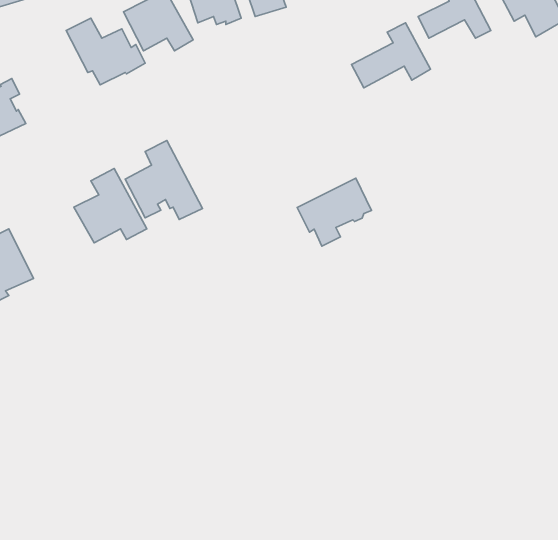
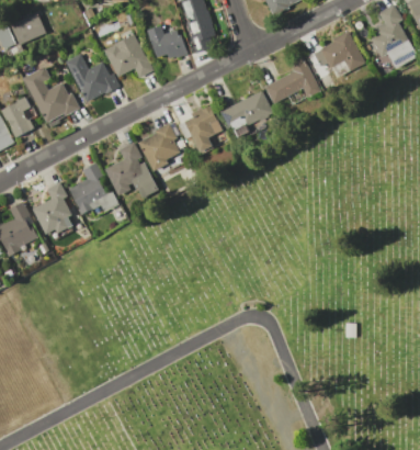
building: none -> [21,66,79,123]
building: none -> [184,104,223,151]
building: none -> [138,122,180,170]
building: [297,178,371,246] -> [219,90,272,138]
building: none -> [32,181,70,234]

